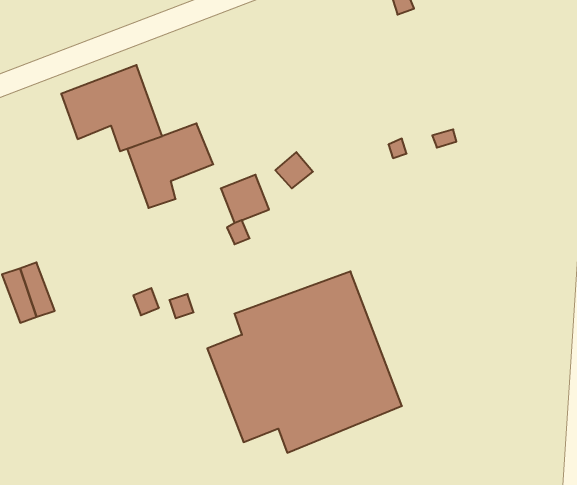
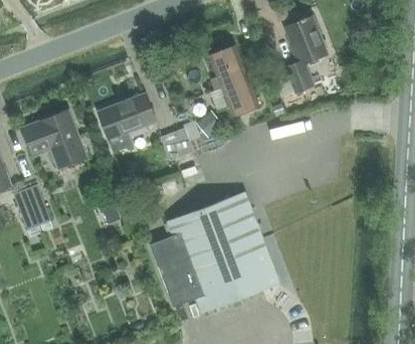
building: none -> [285,16,328,92]
building: none -> [210,45,260,117]
building: [61,65,162,151] -> [19,109,86,166]

